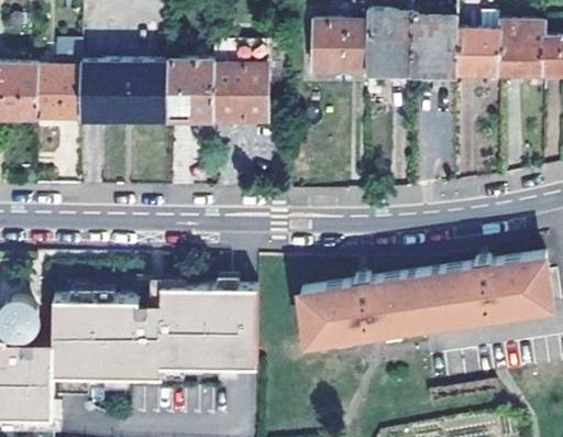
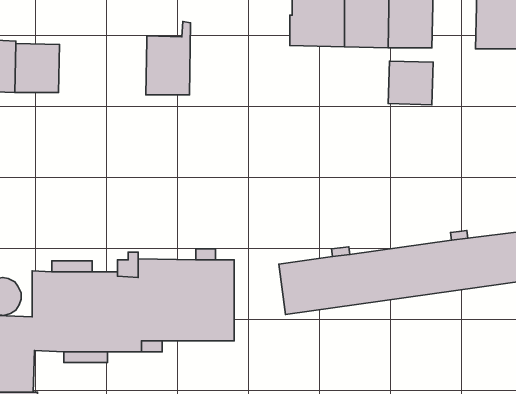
building: [455,30,500,74] -> [388,61,433,105]
building: [211,42,266,121] -> none
building: [79,63,168,120] -> none

